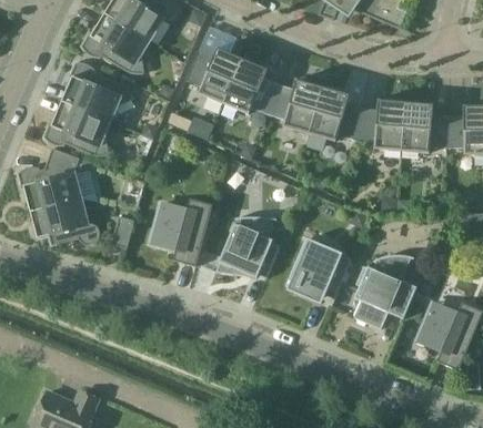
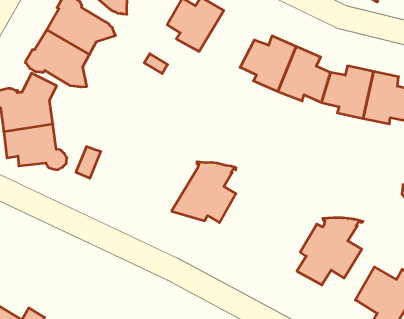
building: [223,58,279,114] -> none
building: [151,198,213,266] -> none
building: [285,240,352,305] -> none

